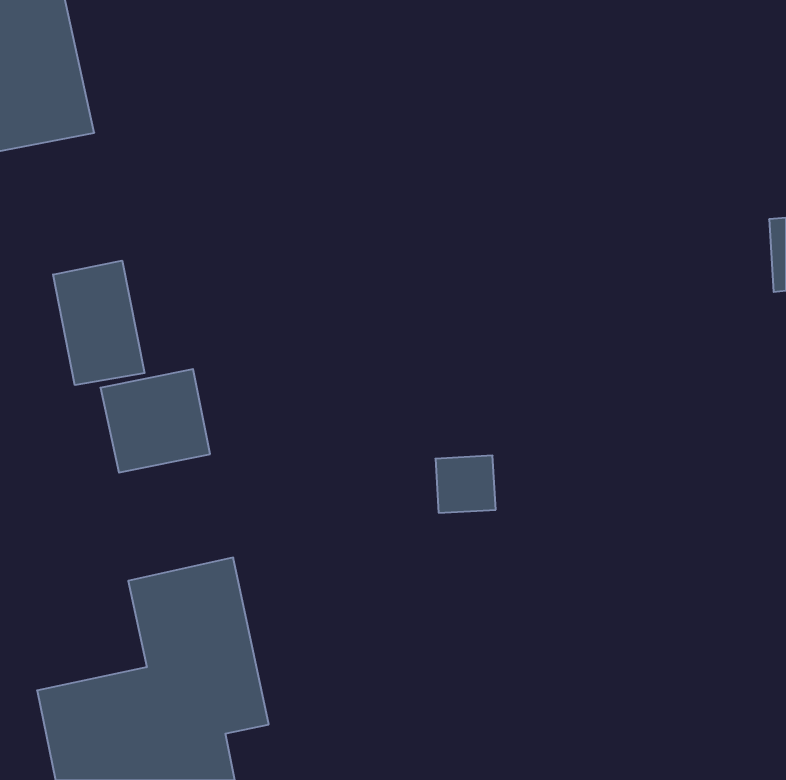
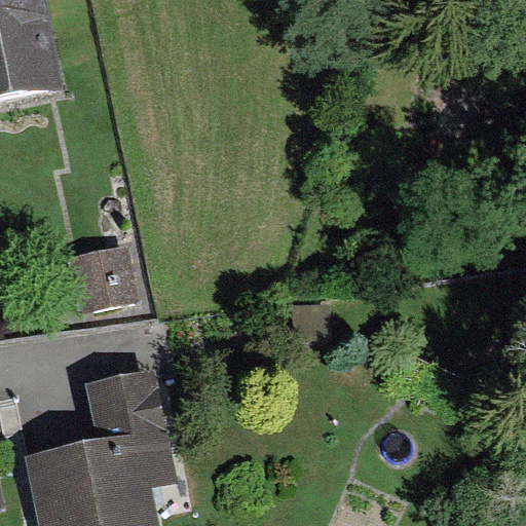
building: [53,261,145,385] -> none

